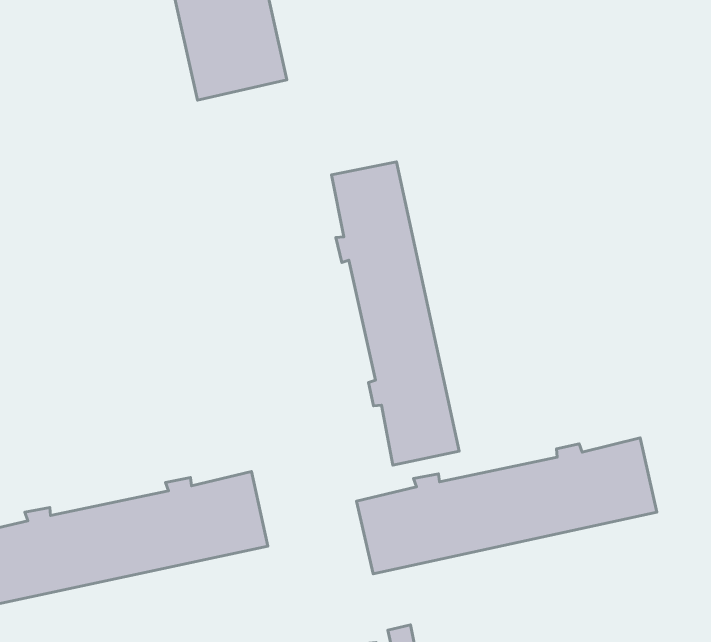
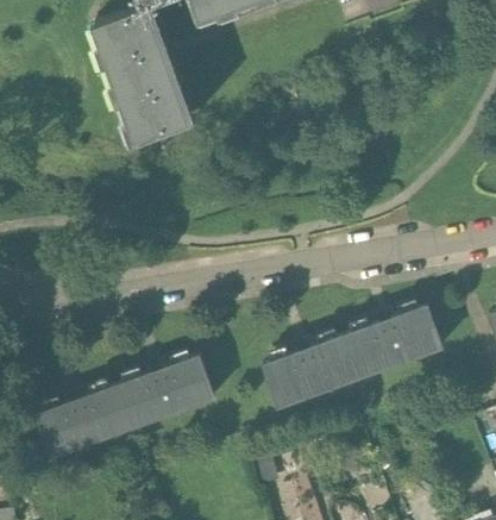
building: [332,162,459,465] -> none

